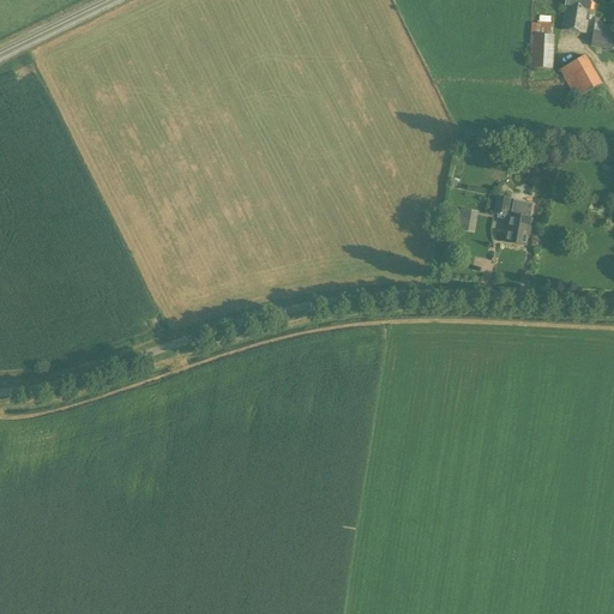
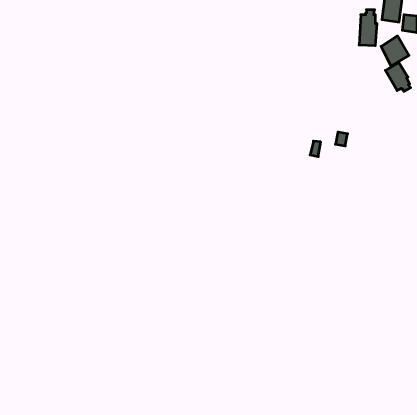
building: none -> [385,62,411,91]
building: [506,198,532,243] -> none

